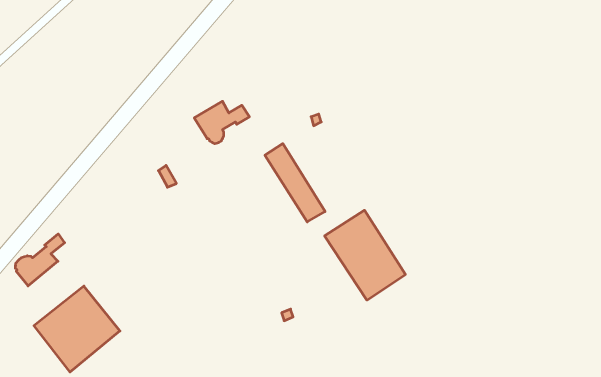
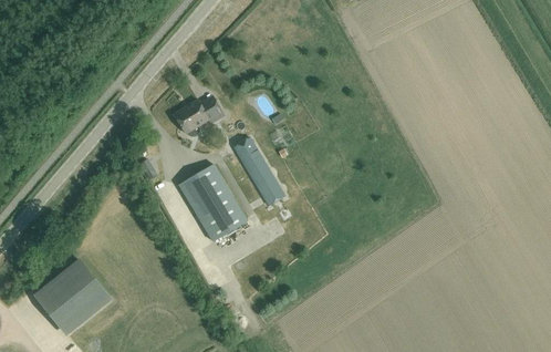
building: [325,210,405,300] -> [178,163,248,240]
building: [15,234,65,286] -> none

